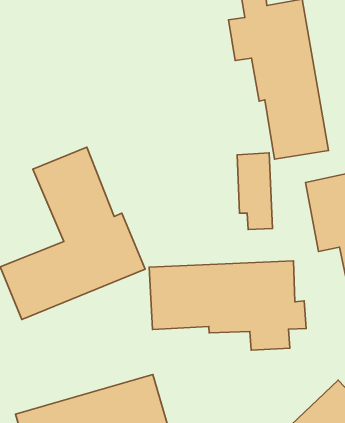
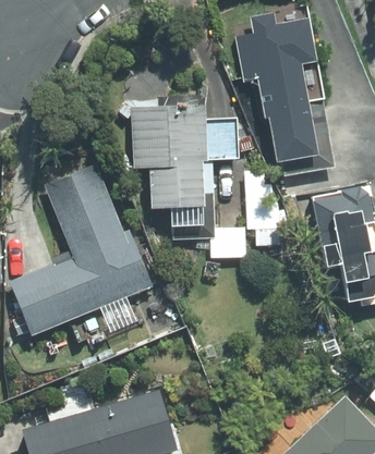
building: none -> [130,103,245,259]
building: [149,261,306,350] -> none

